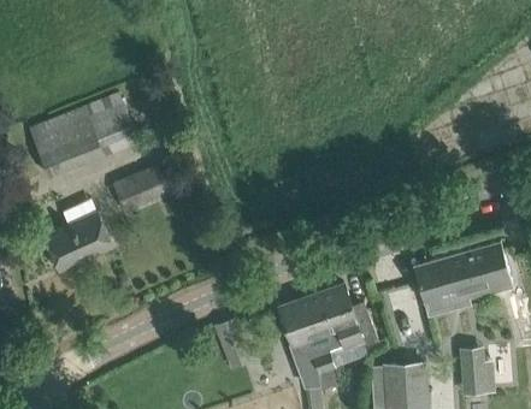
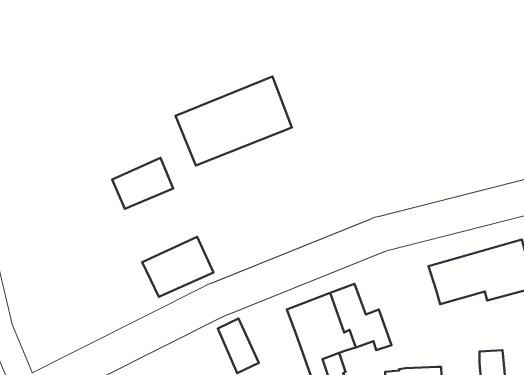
building: [30,93,140,177] -> [176,76,292,166]
building: [45,213,112,269] -> [142,237,214,297]

